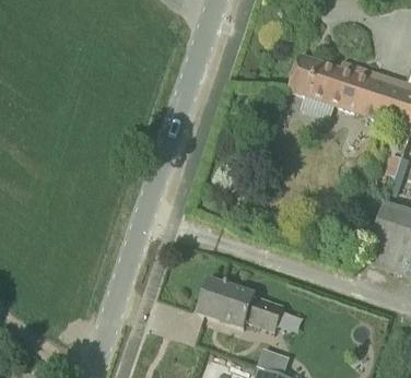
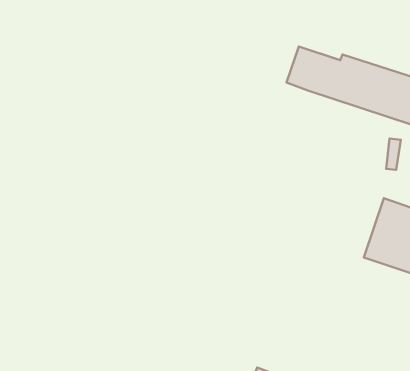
building: [198,277,282,329] -> none

